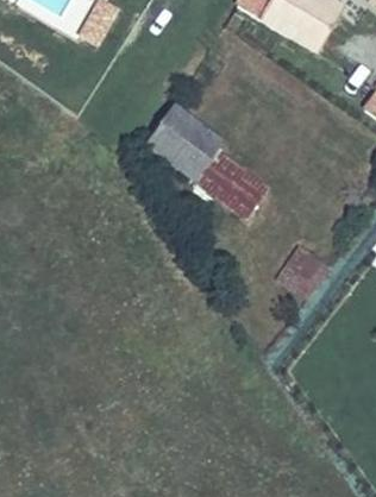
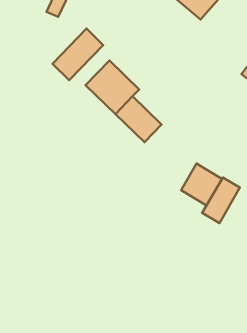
building: none -> [52,29,103,80]
building: none -> [202,177,240,223]

